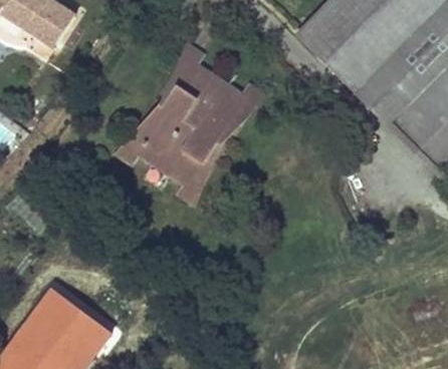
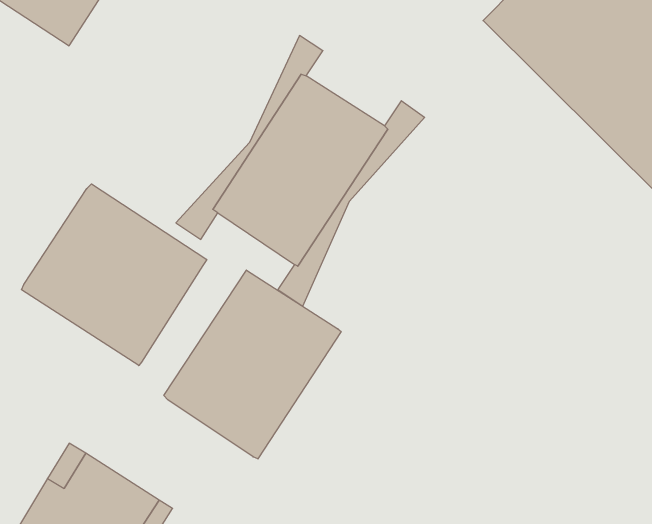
building: none -> [21,184,207,366]
building: none -> [164,270,341,459]

